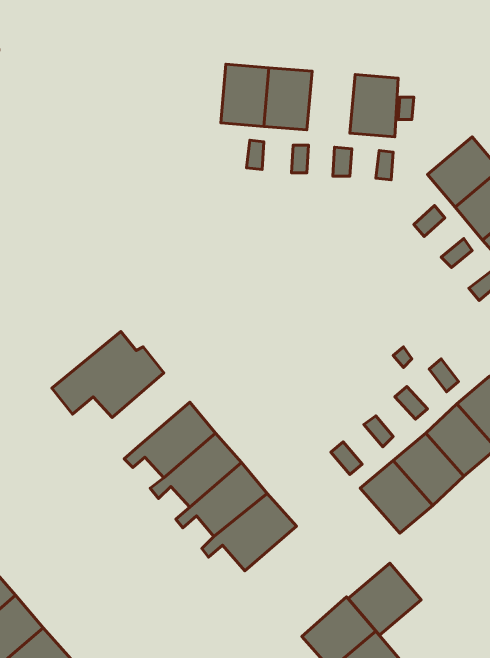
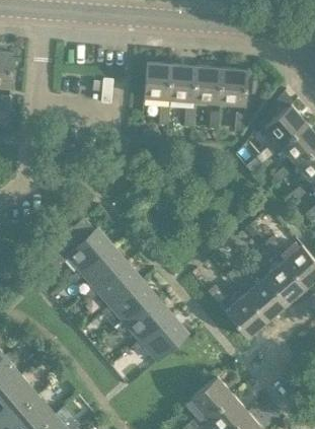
building: none -> [193,67,222,103]
building: none -> [71,244,125,288]
building: [348,563,421,635] -> none

